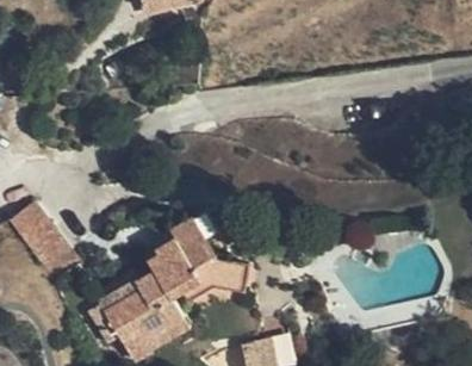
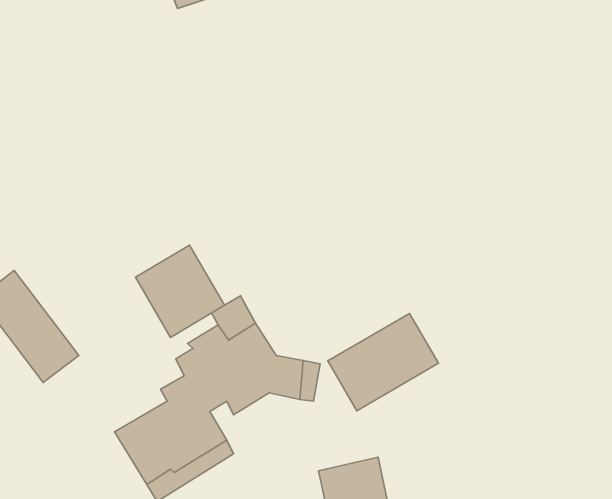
building: none -> [135,245,224,337]
building: none -> [328,313,438,411]

